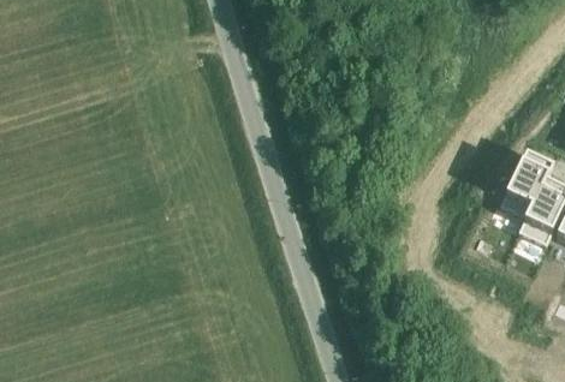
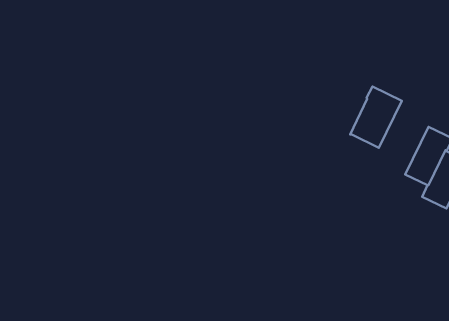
building: none -> [350,86,402,148]

